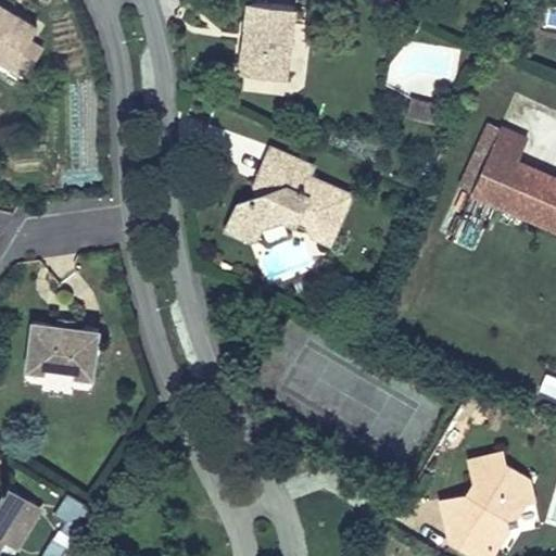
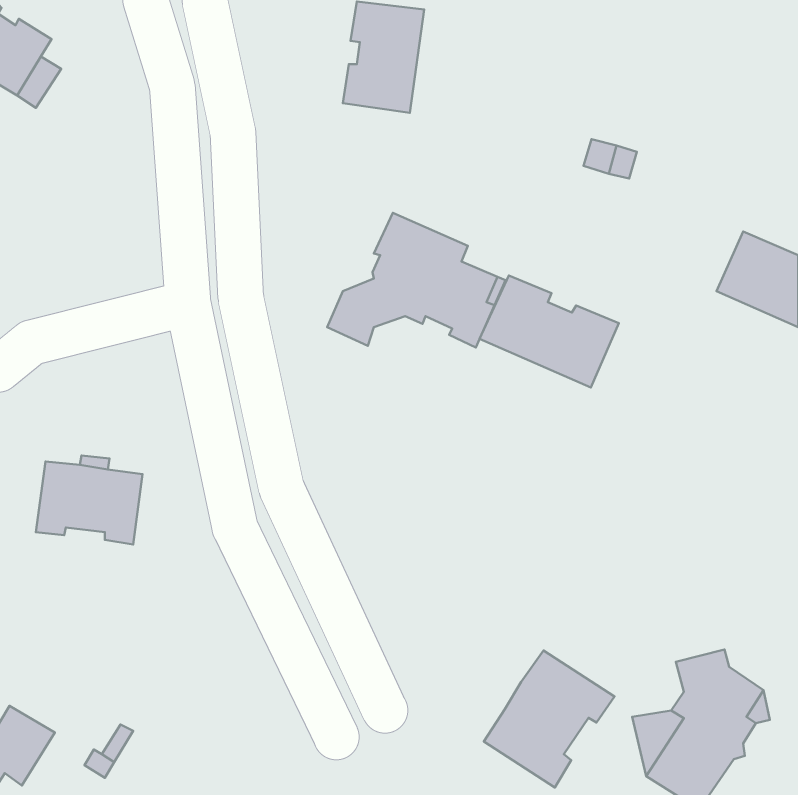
building: [470,130,526,205] -> none
building: none -> [479,275,619,388]
building: none -> [484,651,614,787]

